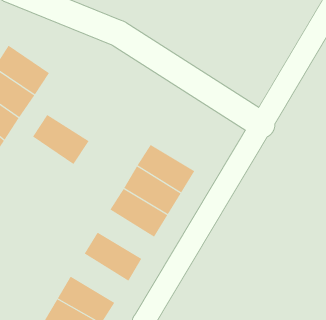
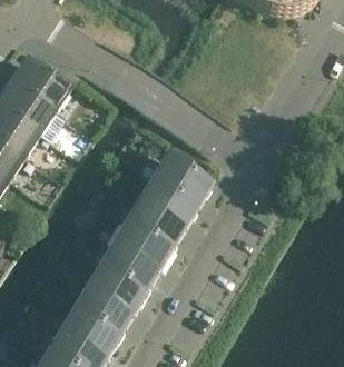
building: [32,114,90,165] -> [13,52,70,102]
building: none -> [154,150,212,199]
building: none -> [101,237,158,286]
building: none -> [75,280,132,329]

